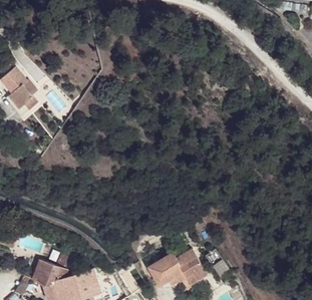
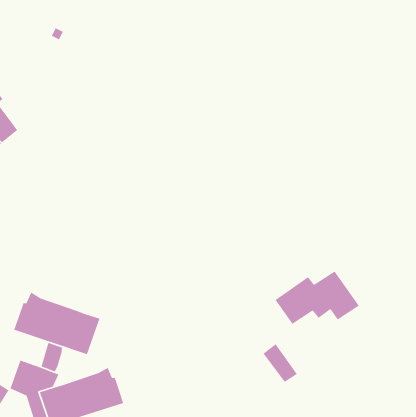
building: none -> [13,292,101,355]
building: [148,245,207,282] -> [274,270,360,325]

